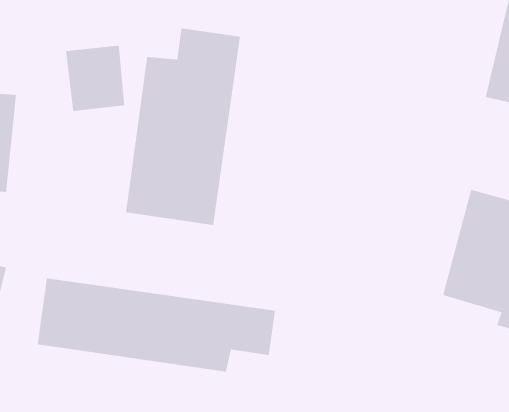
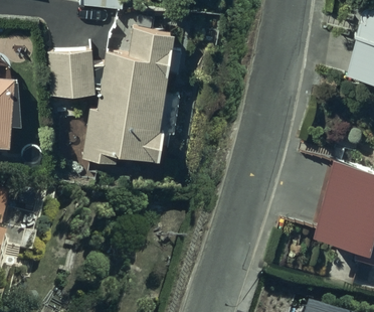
building: [37,277,276,373] -> none

